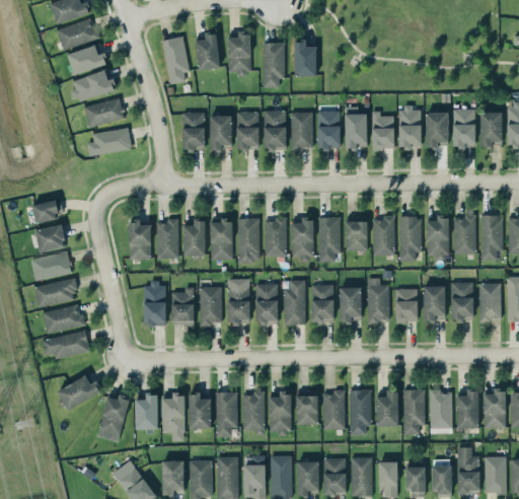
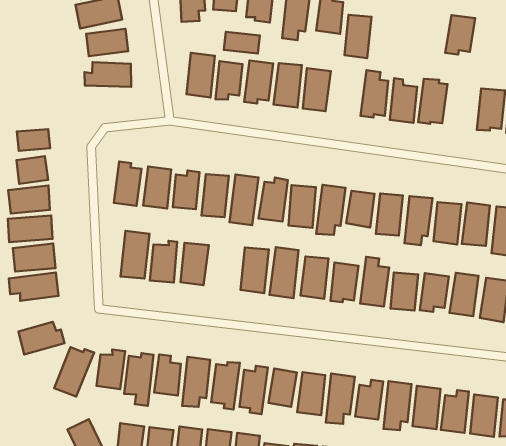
building: none -> [224,32,260,53]
building: [317,111,340,149] -> [344,15,371,58]
building: [425,113,448,148] -> [445,15,475,55]
building: [227,278,249,323] -> none

